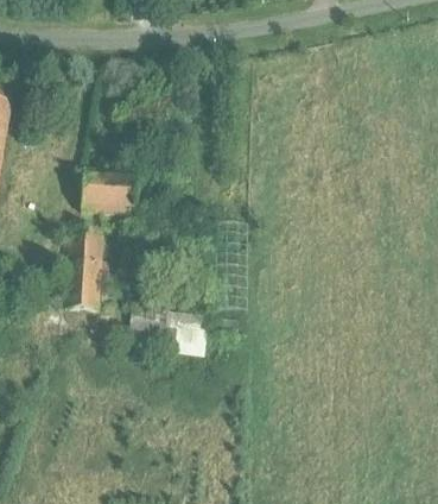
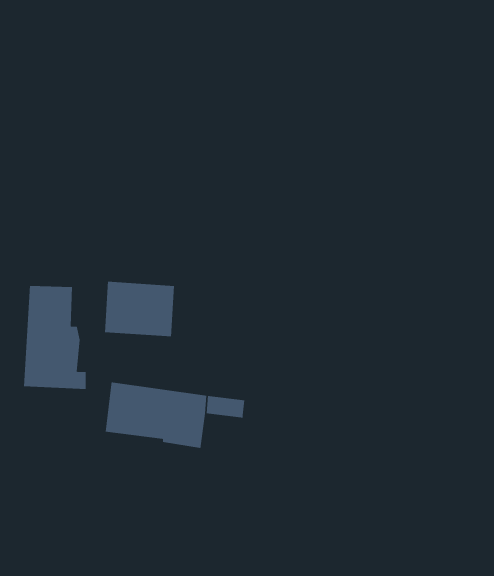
building: [81,169,137,213] -> [104,281,175,337]

